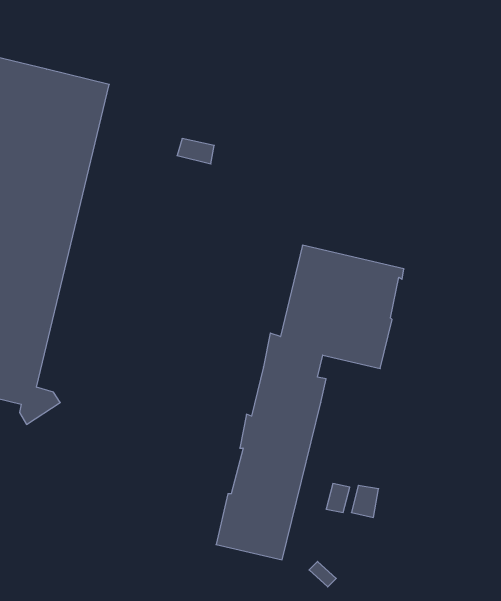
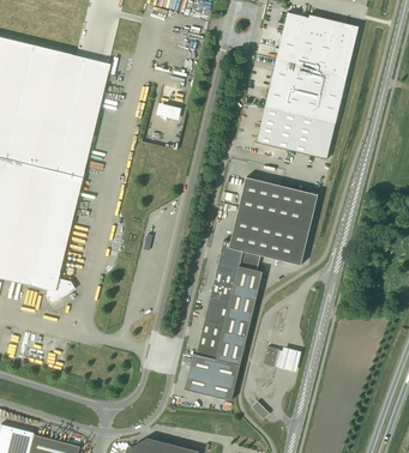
building: none -> [257,12,357,159]

